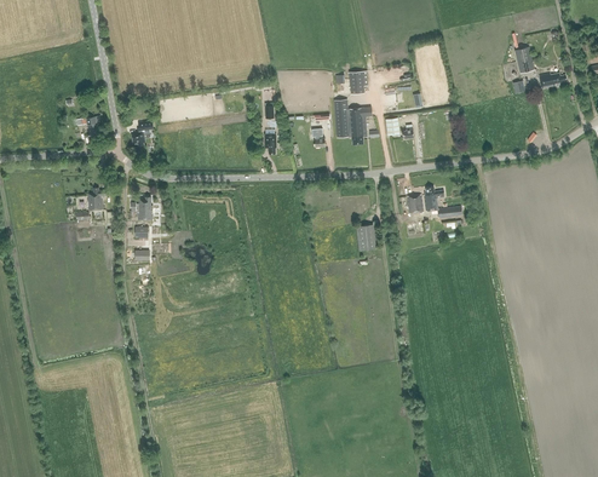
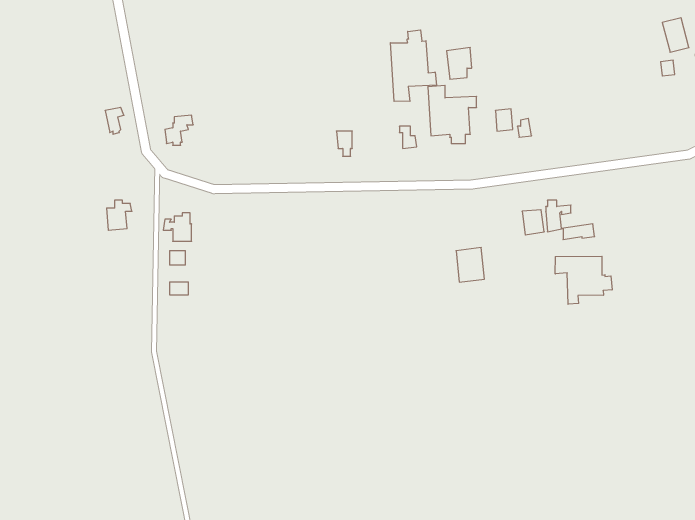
building: none -> [390,30,437,101]
building: none -> [555,256,612,304]

